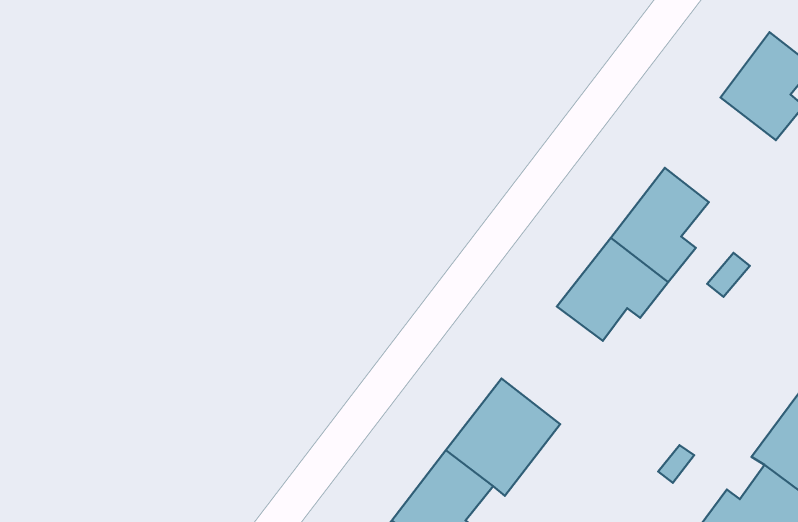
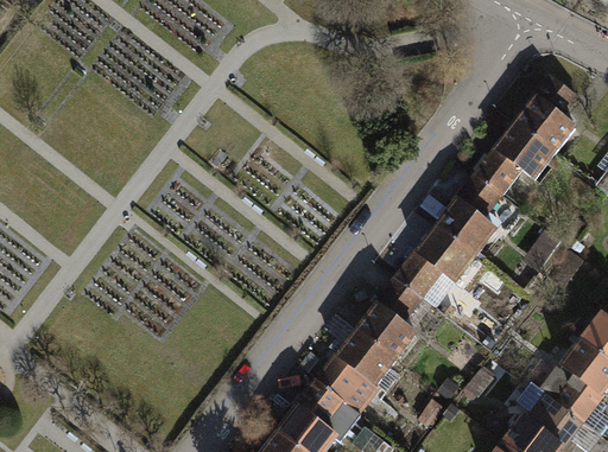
building: none -> [486,112,566,187]
building: none -> [367,263,441,349]

